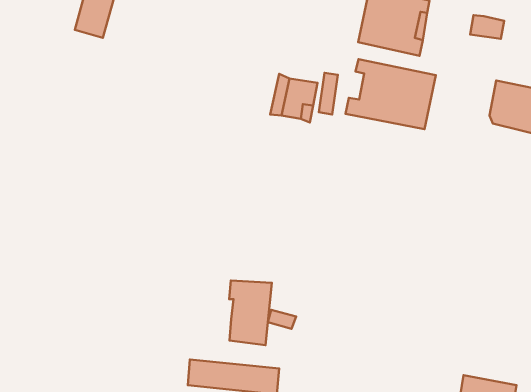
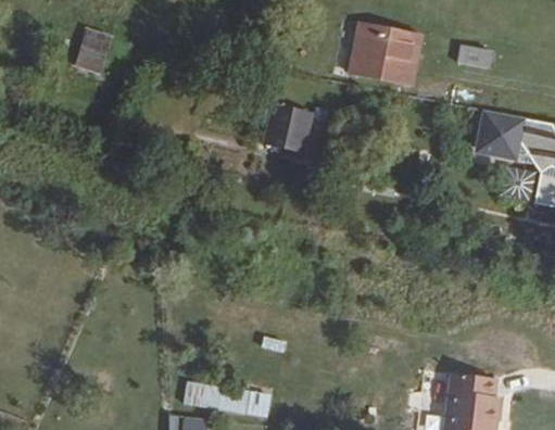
building: [345,59,436,129] -> none
building: [229,281,272,345] -> none
building: none -> [449,370,501,405]

